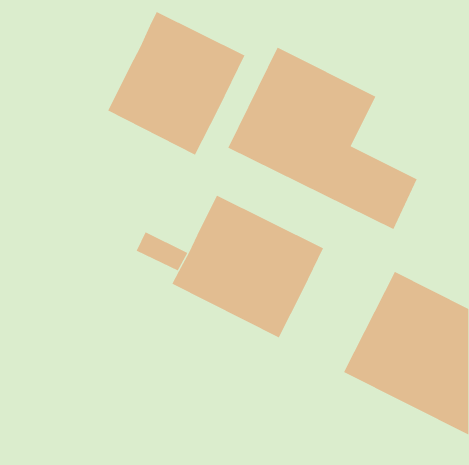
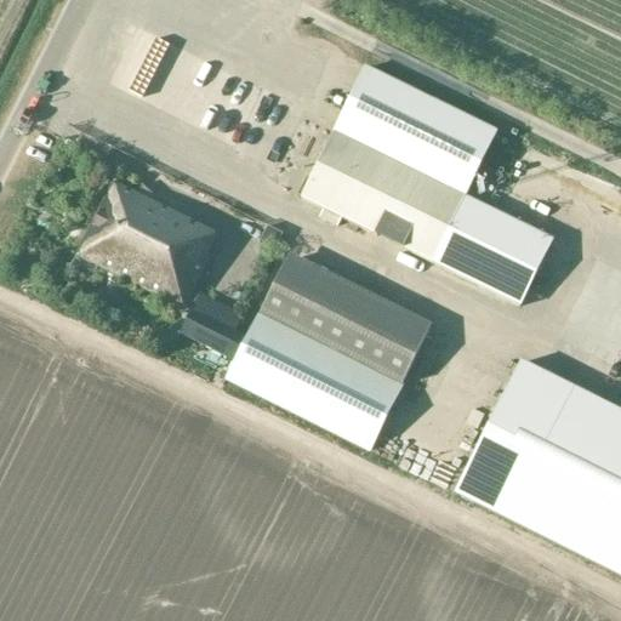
building: [107,11,245,156] -> none
building: none -> [76,175,217,306]

